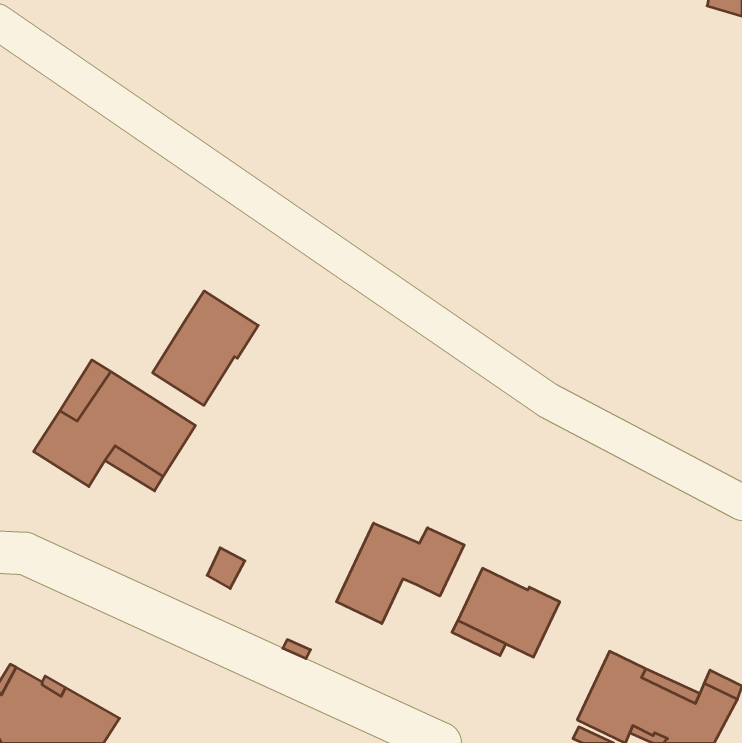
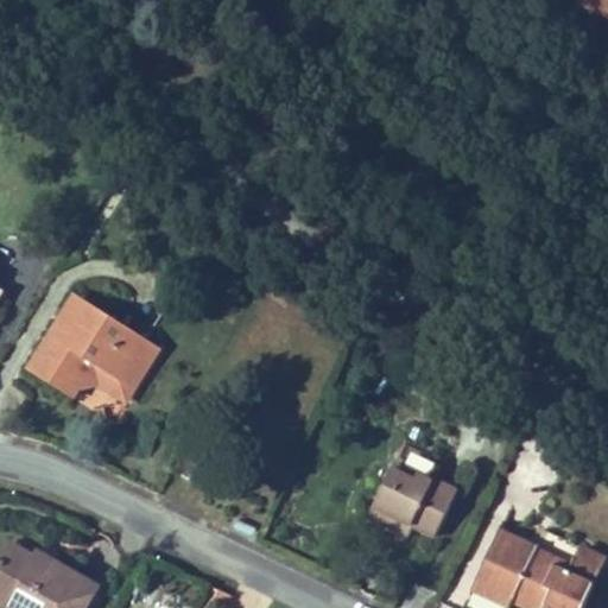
building: [153,291,258,405] -> none
building: [336,523,464,624] -> none

